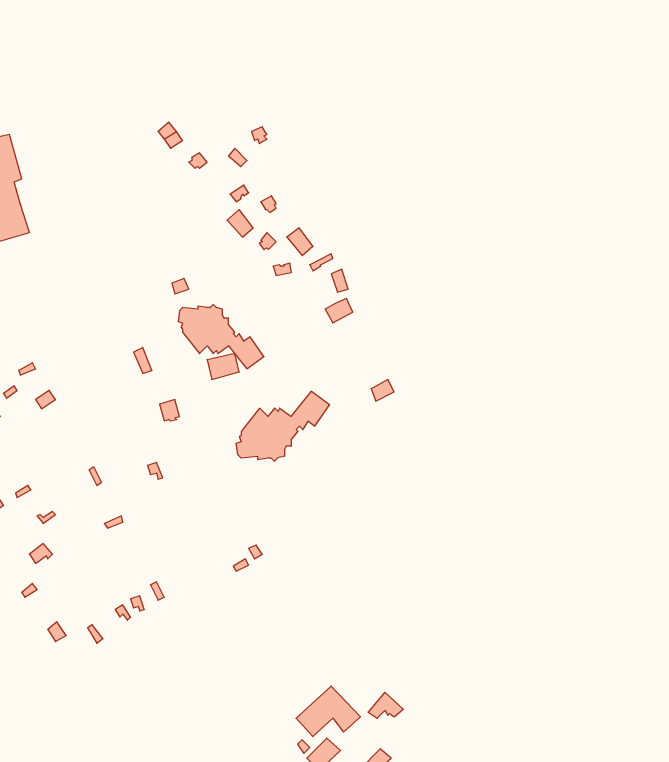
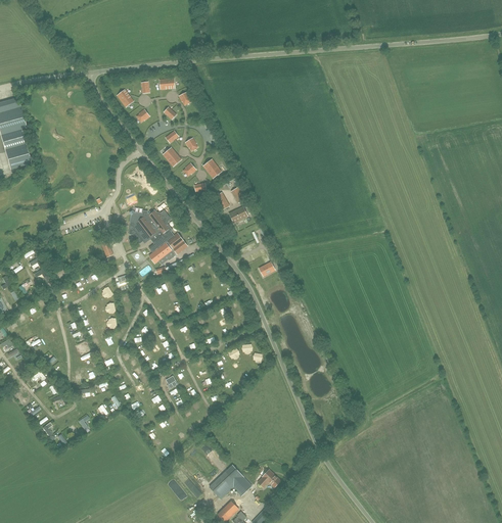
building: [236,391,330,461] -> none

